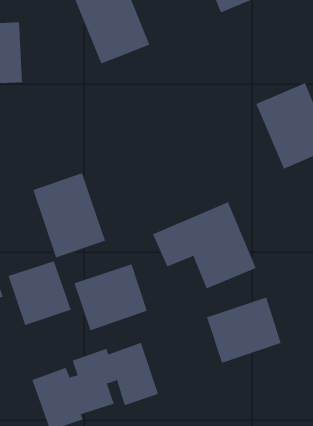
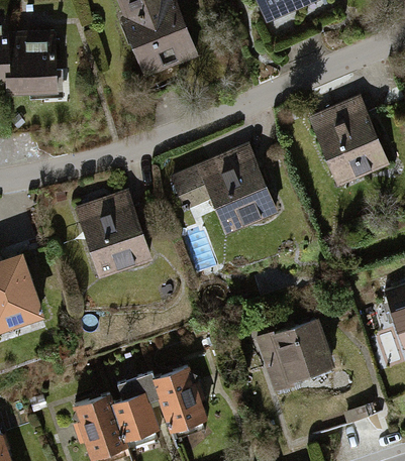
building: [152,201,256,289] -> [167,142,276,234]
building: [8,260,72,326] -> none
building: [74,264,147,331] -> none

